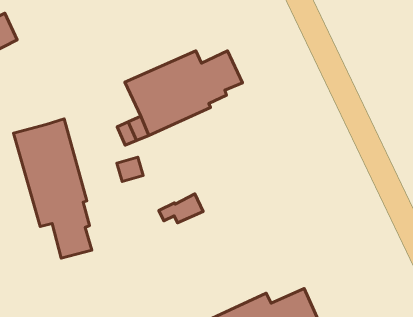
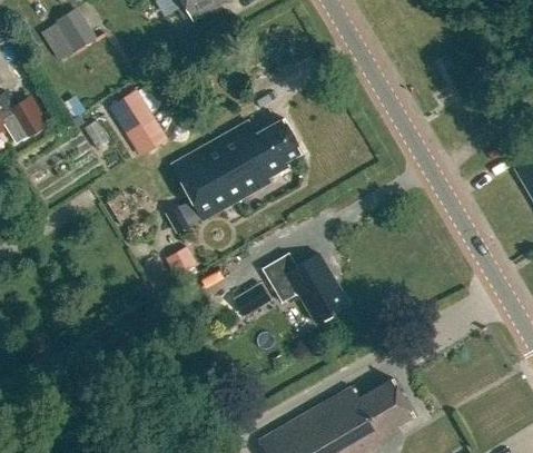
building: none -> [111,92,166,156]
building: [14,119,92,258] -> none
building: none -> [261,253,348,323]

